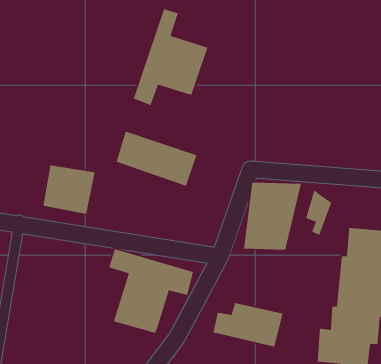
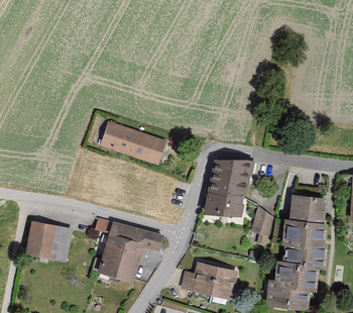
building: [133,8,209,106] -> none
building: [43,164,95,215] -> [25,220,69,262]
building: [305,189,332,236] -> [249,208,271,246]

